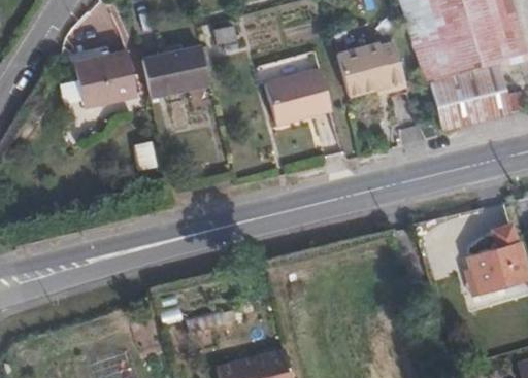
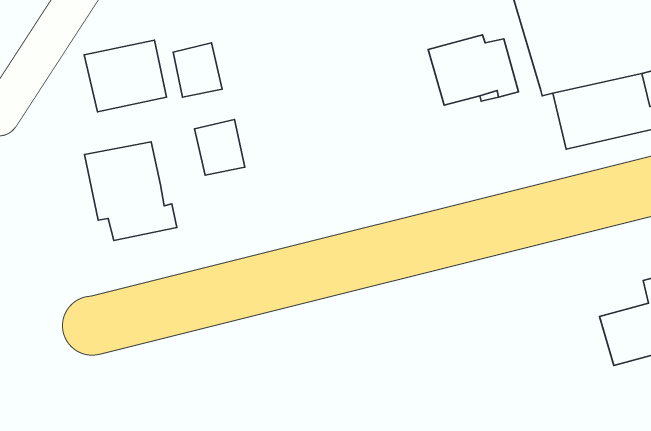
building: [169,40,208,83] -> [195,119,245,175]
building: [265,68,331,123] -> none
building: none -> [85,142,177,240]

